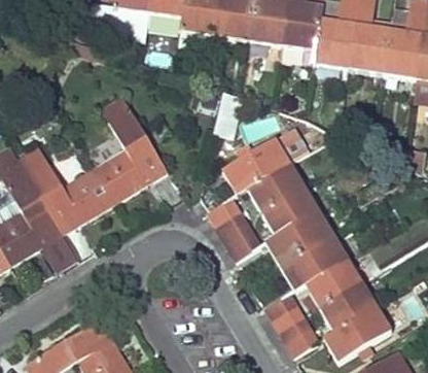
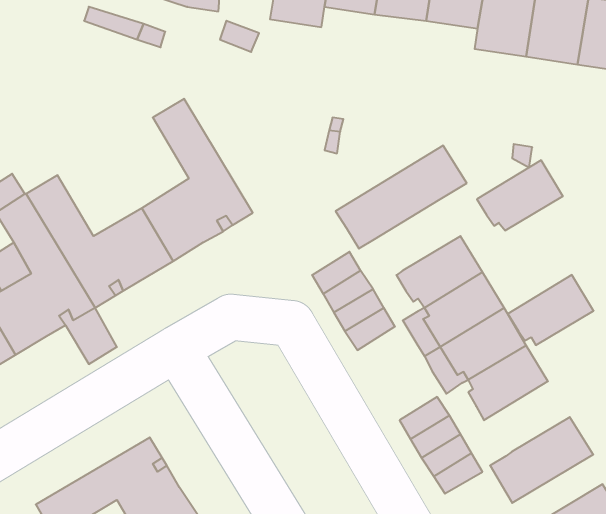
building: [248,164,305,210] -> [477,160,563,230]
building: [320,283,377,330] -> [508,275,594,345]

